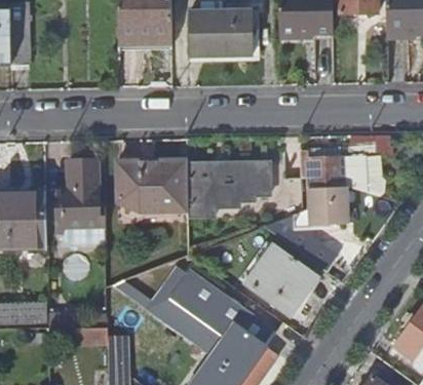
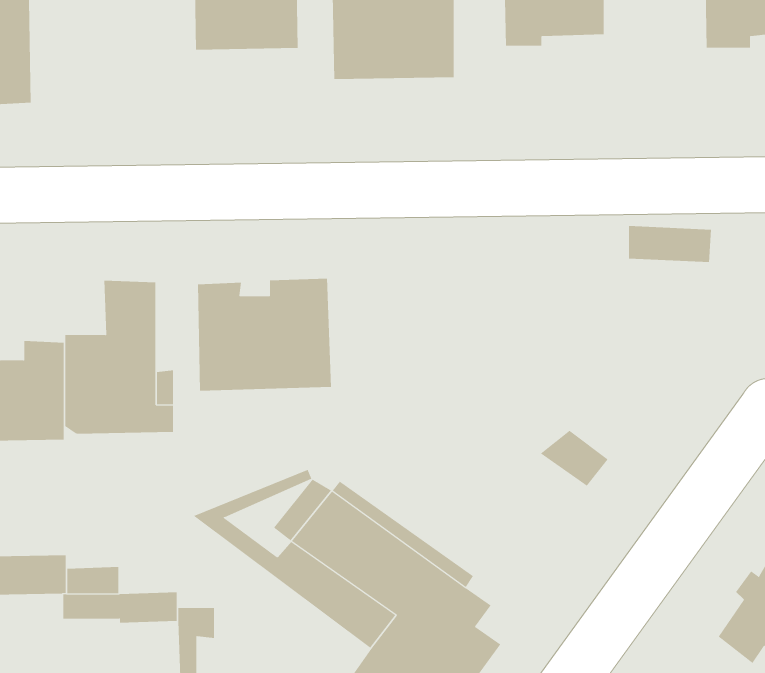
building: [287,148,380,232] -> none
building: [190,162,271,215] -> none
building: [245,244,315,313] -> none

